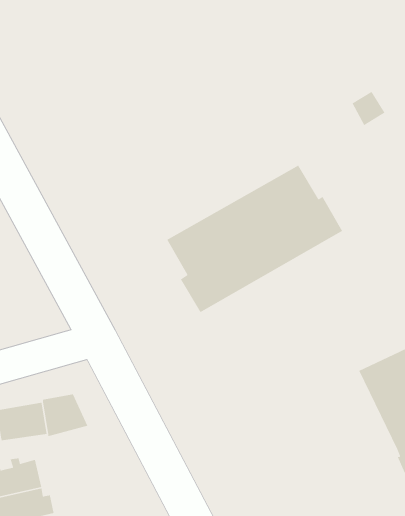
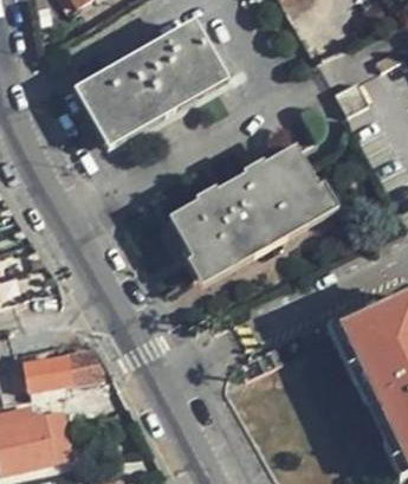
building: none -> [79,25,224,143]
building: none -> [329,304,378,404]

